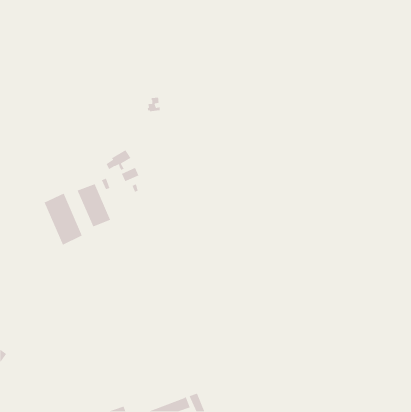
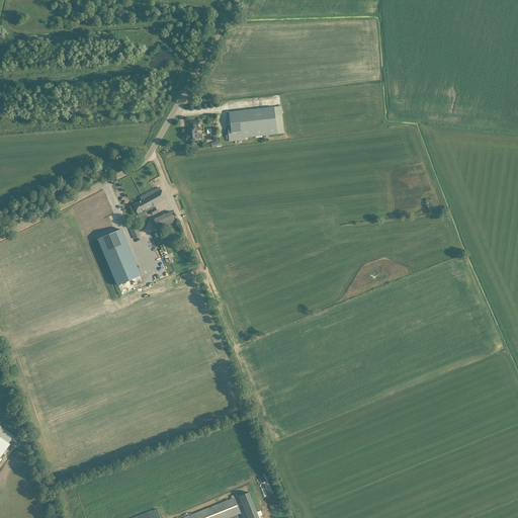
building: none -> [226,106,283,142]
building: [44,192,83,246] -> none

